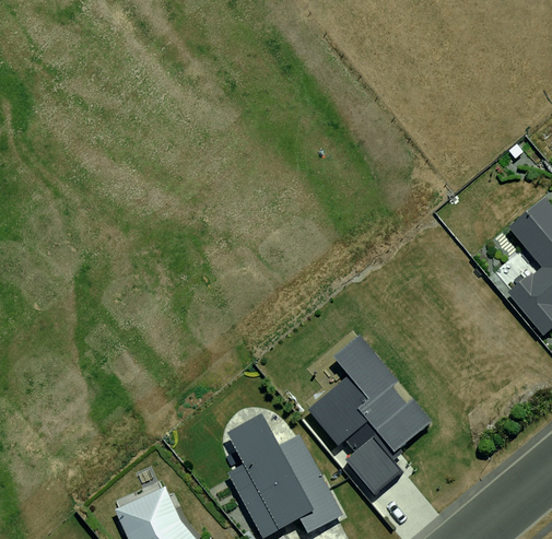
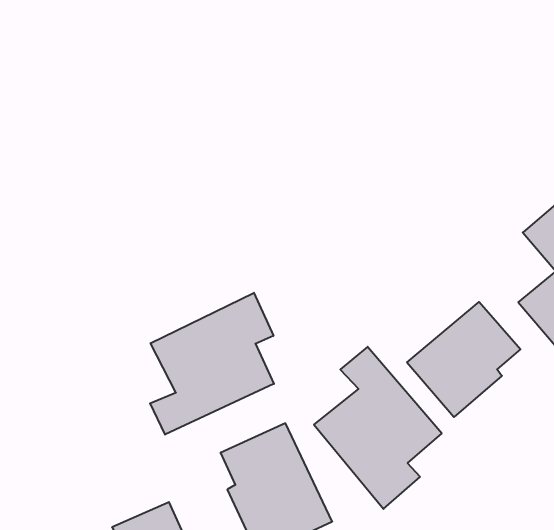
building: none -> [150,293,274,435]
building: none -> [407,302,520,417]

